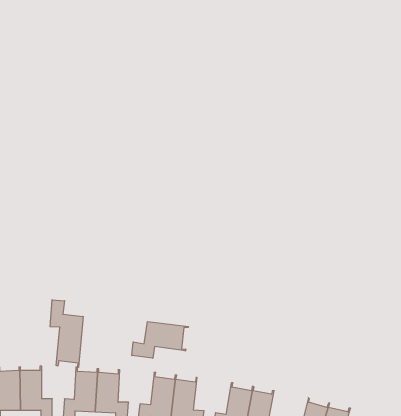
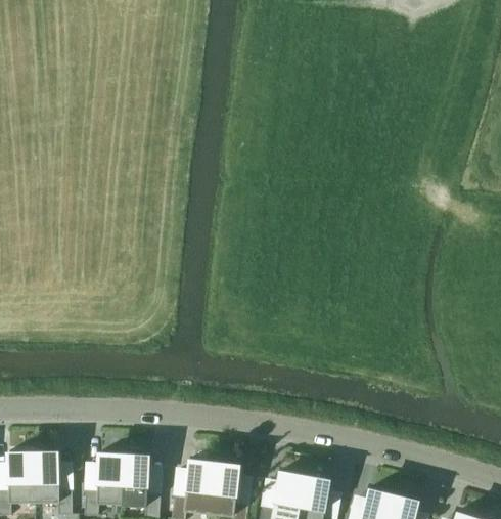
building: [50,300,83,367] -> none
building: [132,322,188,358] -> none

